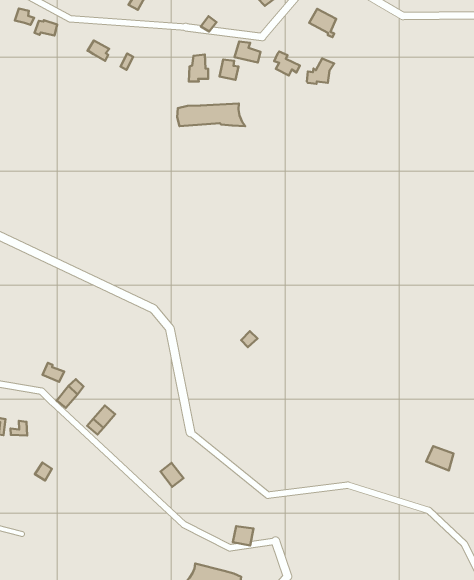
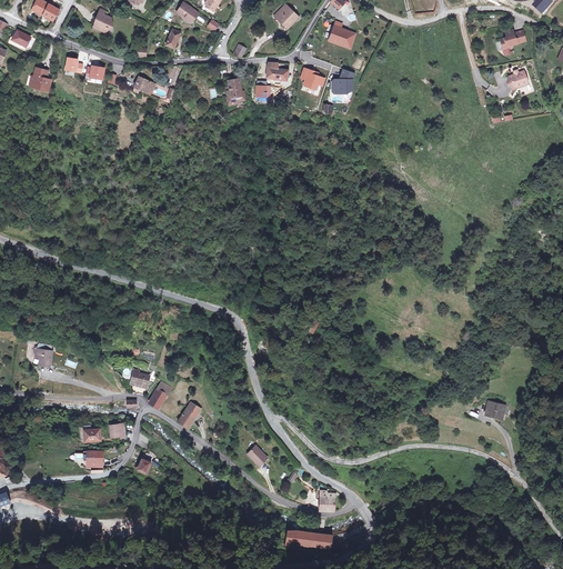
building: [177,104,245,126] -> none

